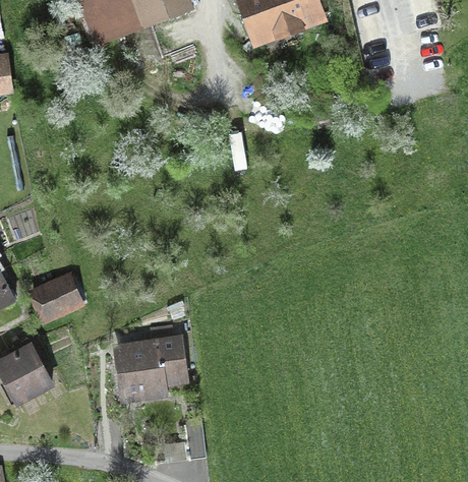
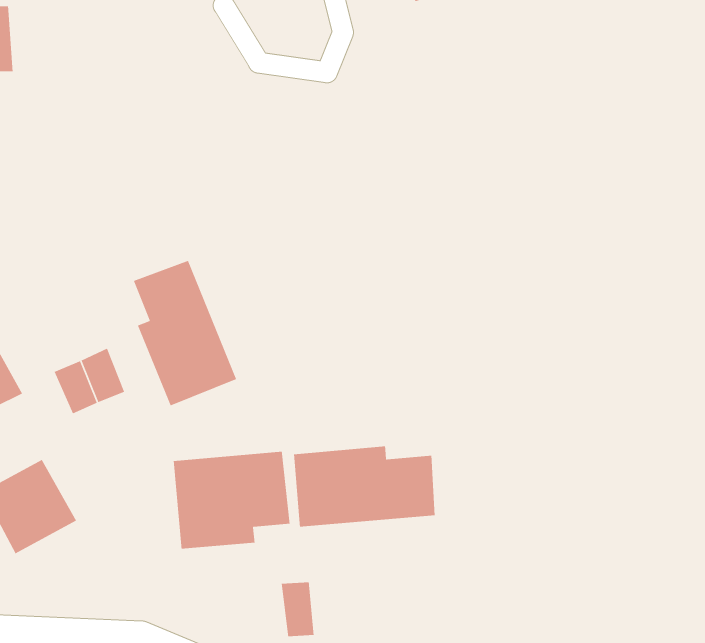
building: none -> [133,260,237,406]
building: none -> [293,446,436,528]

